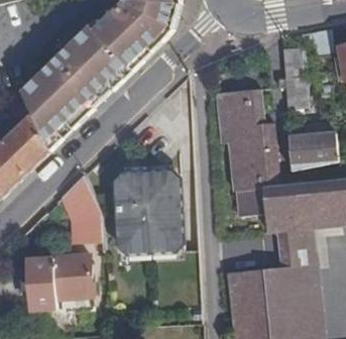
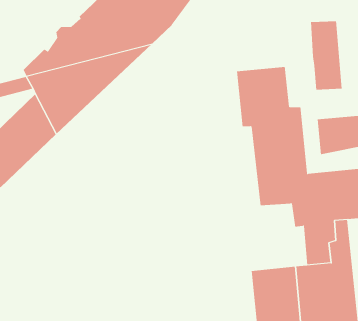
building: [115,171,183,253] -> none
building: [60,177,104,242] -> none
building: [30,256,95,311] -> none

